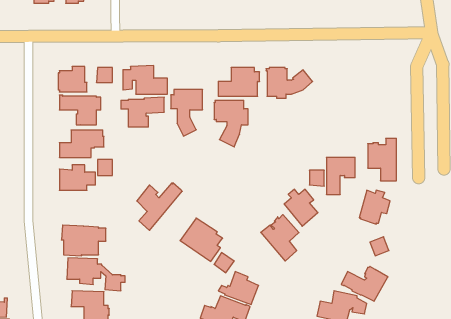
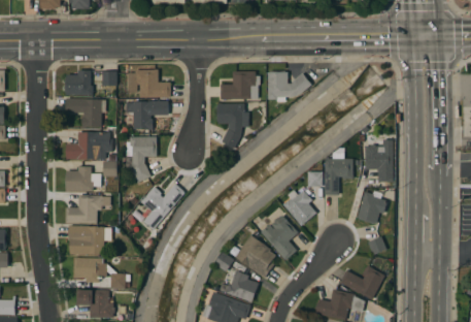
building: [171,90,203,136] -> [125,137,156,183]
building: none -> [65,195,109,223]
building: [180,218,223,261] -> [235,235,276,278]

